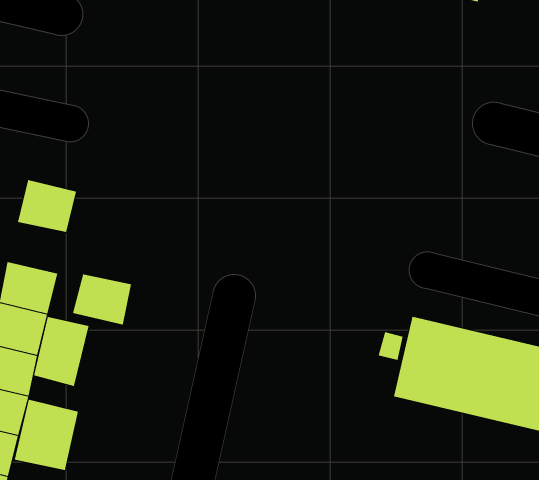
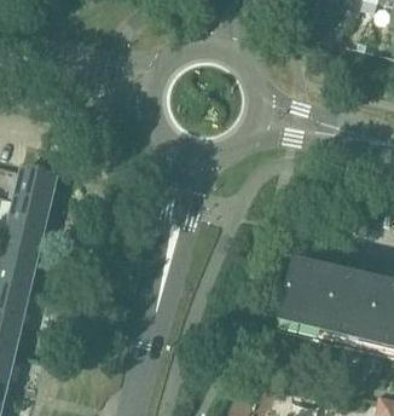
building: [72,274,132,325] -> [6,197,48,233]
building: [33,316,89,387] -> none
building: [14,399,78,471] -> none

